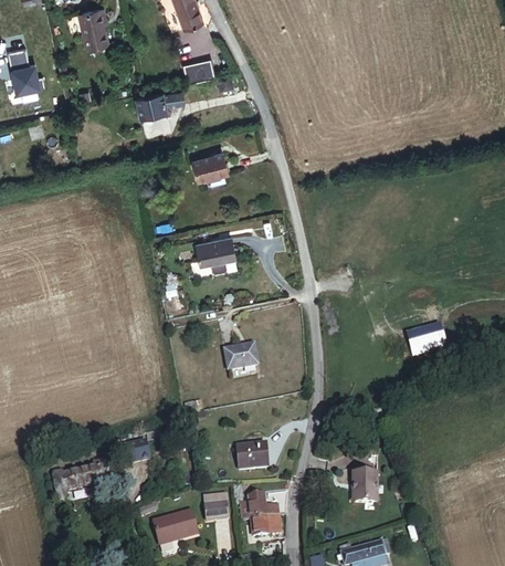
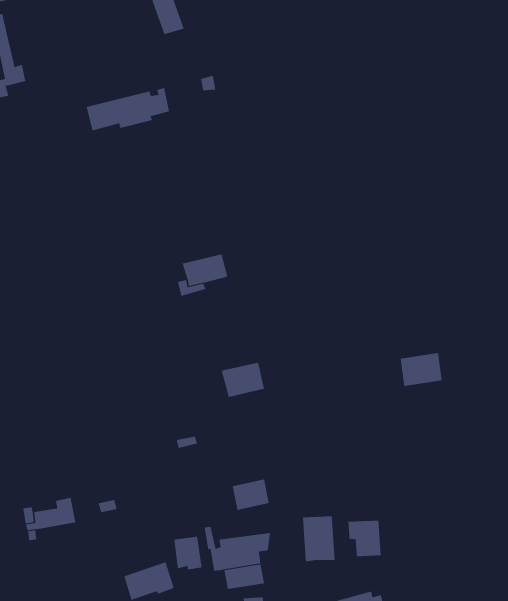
building: [77,10,107,52] -> none
building: [179,59,212,84] -> none
building: [194,150,232,179] -> none
building: none -> [303,516,335,562]

